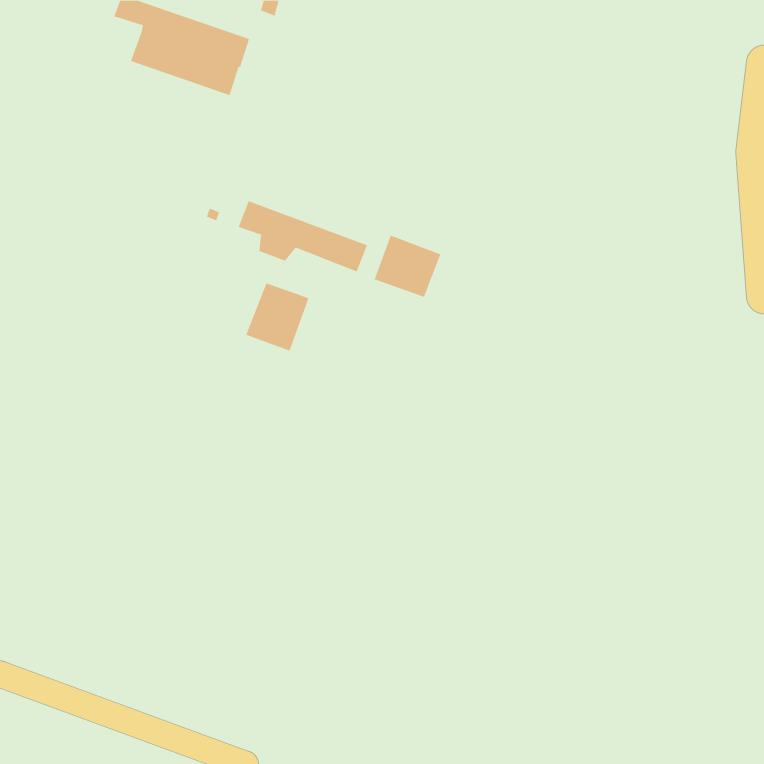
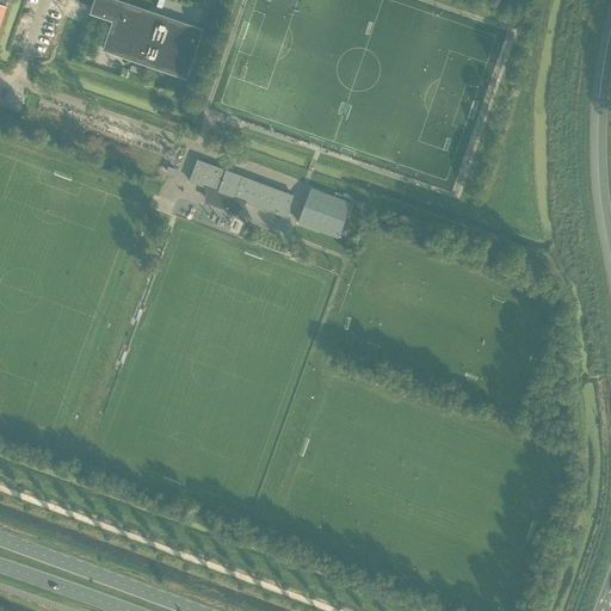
building: [246,282,309,352] -> none

